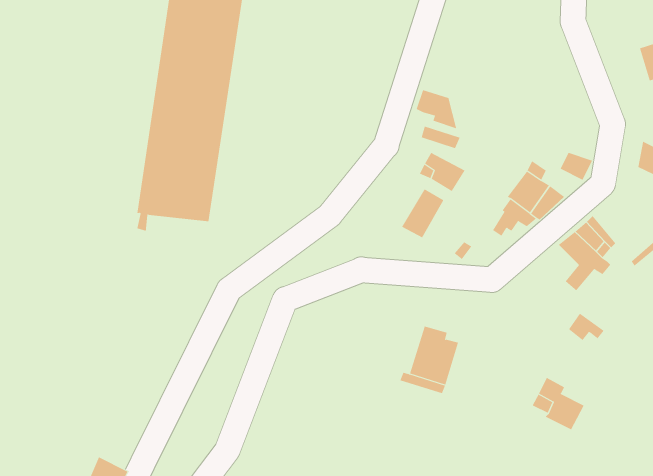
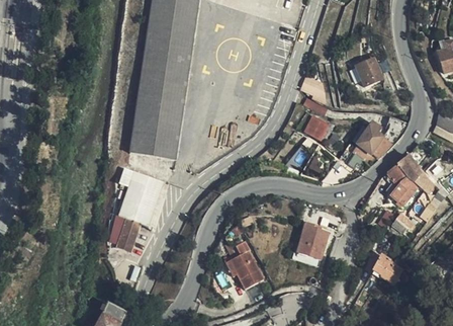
building: none -> [355,60,381,87]
building: none -> [115,167,163,251]
building: none -> [224,250,263,289]

